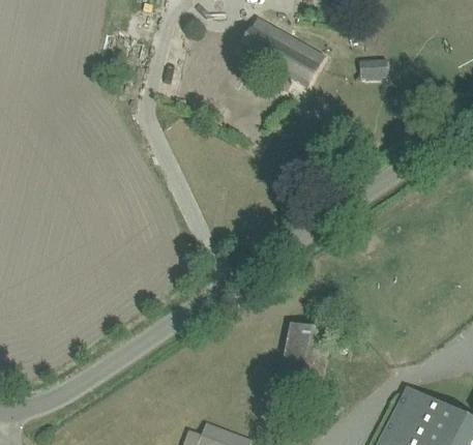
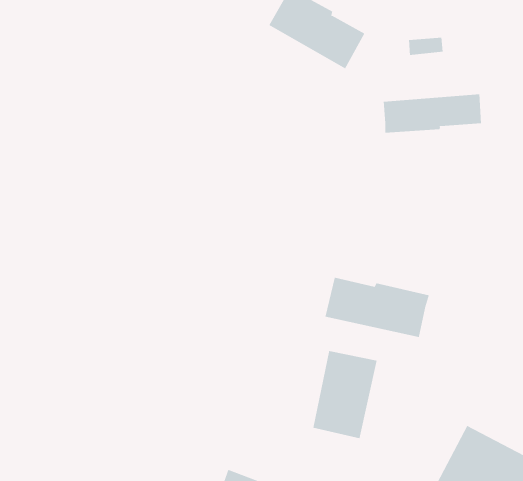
building: none -> [383,94,482,133]
building: none -> [325,277,429,338]

